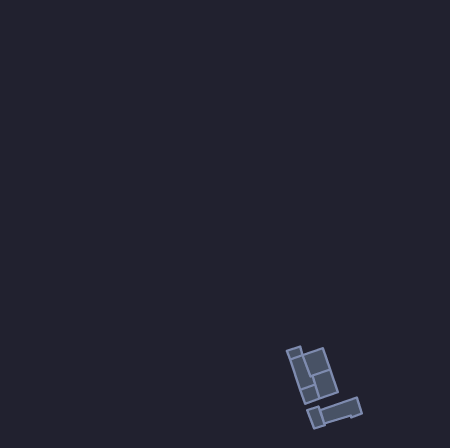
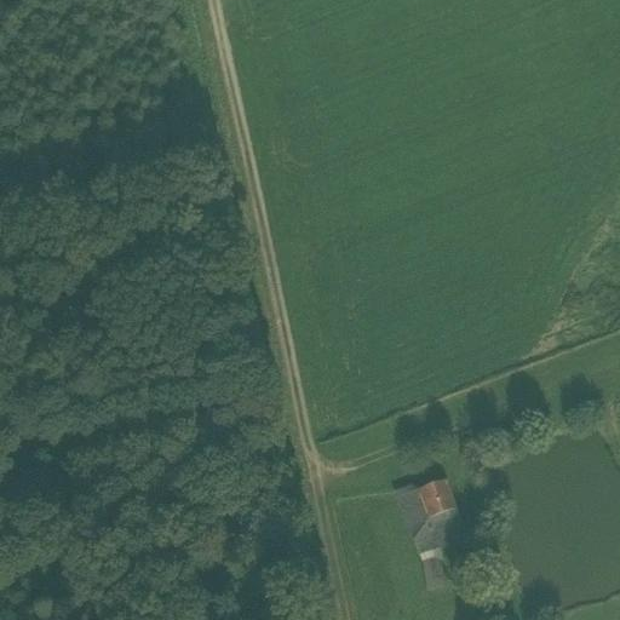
building: [320,398,362,423] -> none

